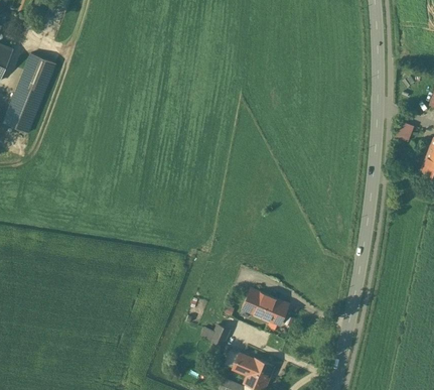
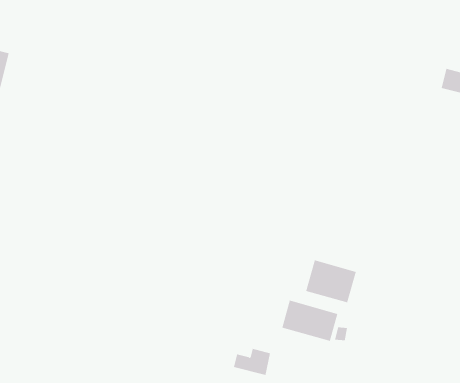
building: none -> [305,260,357,303]

